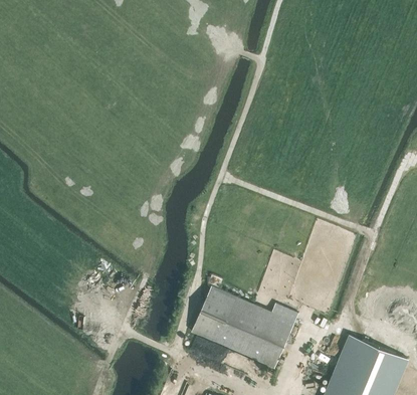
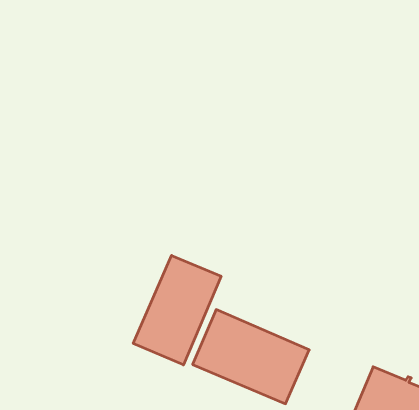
building: none -> [133,255,221,365]

